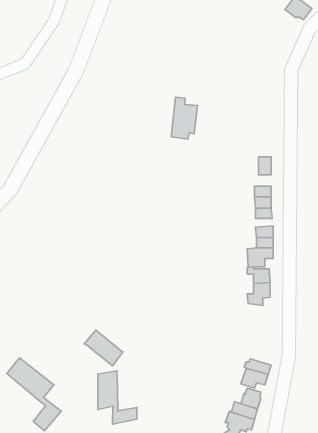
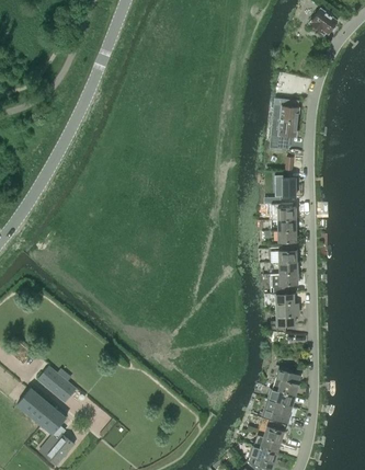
building: [171,97,197,139] -> [271,99,298,142]
building: [84,330,123,366] -> [36,364,77,401]
building: none -> [273,369,298,396]
building: [98,371,137,424] -> none

